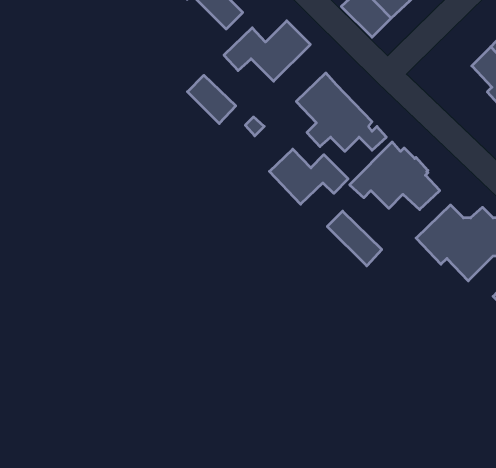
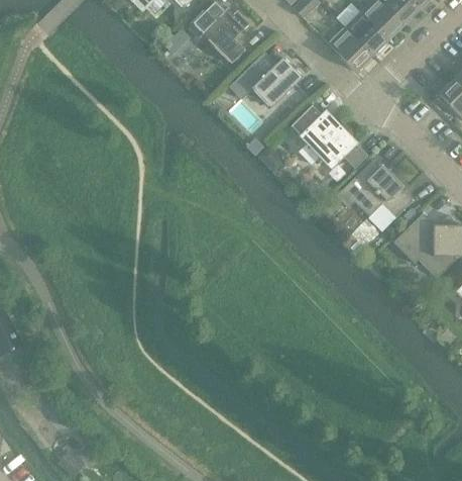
building: [187,75,236,124] -> none
building: [269,149,348,204] -> none
building: [327,211,382,266] -> none

